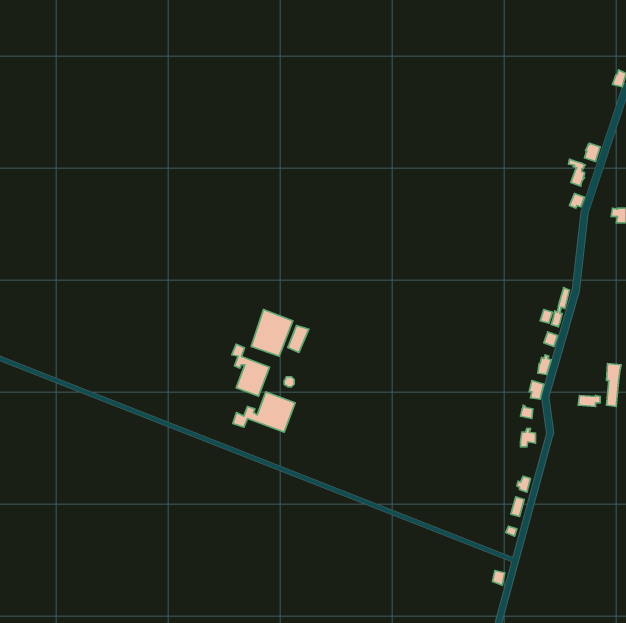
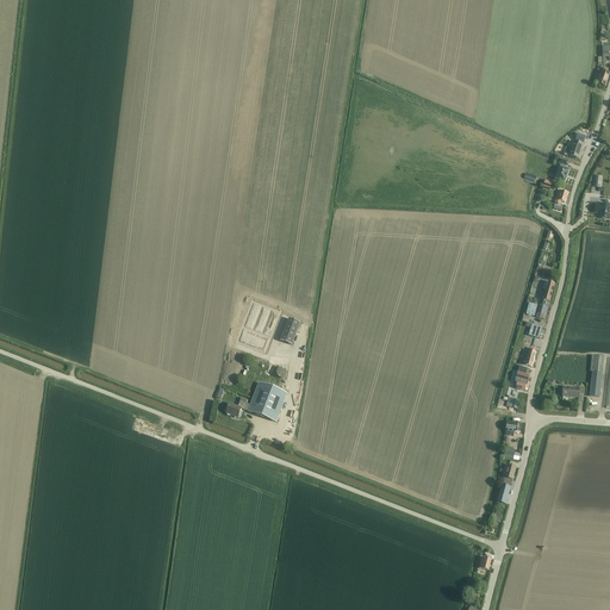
building: [232,344,269,396] -> none

